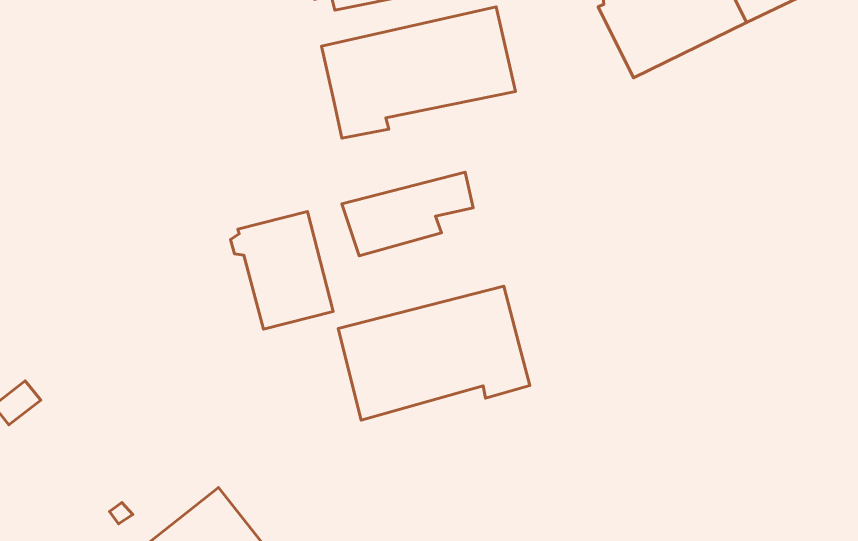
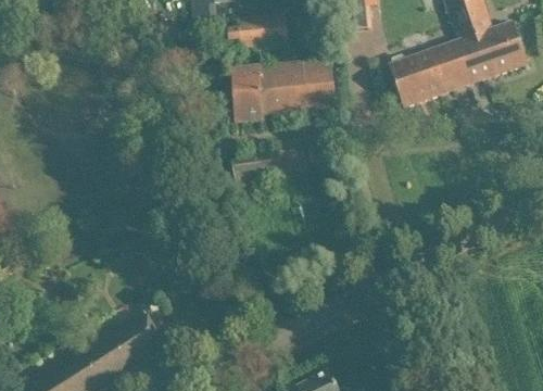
building: [230,212,333,329] -> none
building: [338,286,530,420] -> none

